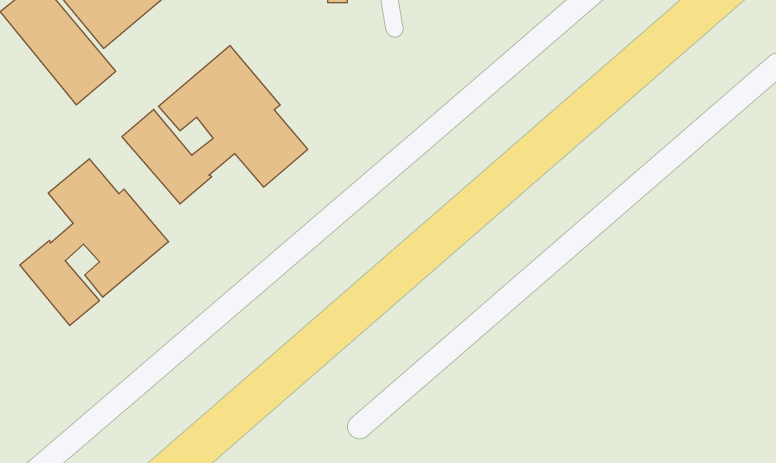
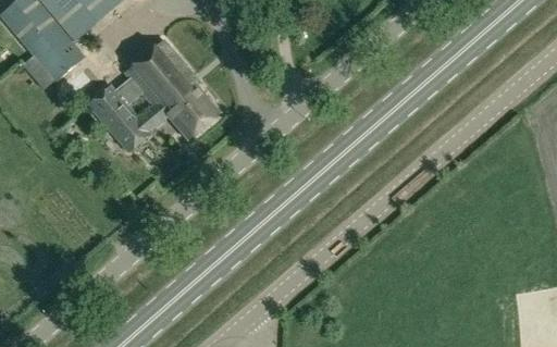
building: [20,159,169,326] -> none

